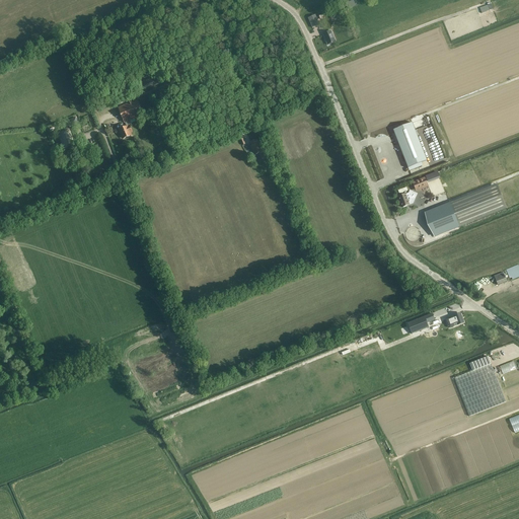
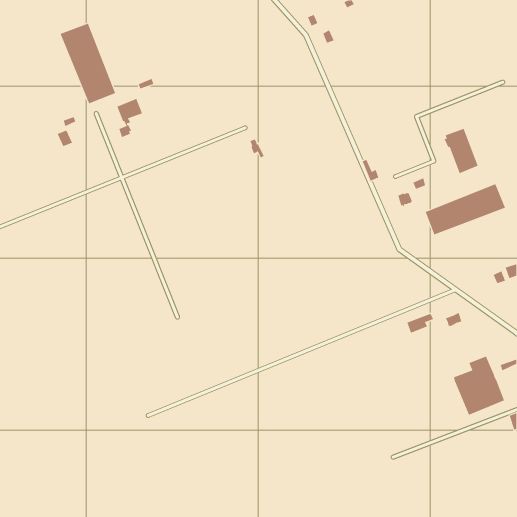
building: none -> [60,23,116,104]
building: [391,122,426,167] -> [444,128,478,174]

